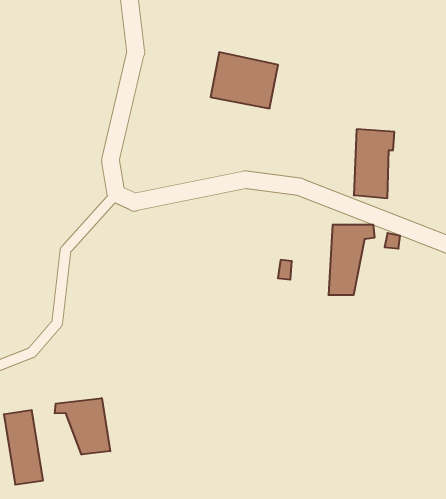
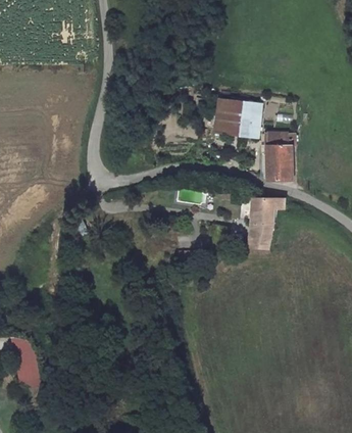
building: [211,52,278,108] -> [215,94,264,135]
building: [55,398,110,455] -> none

